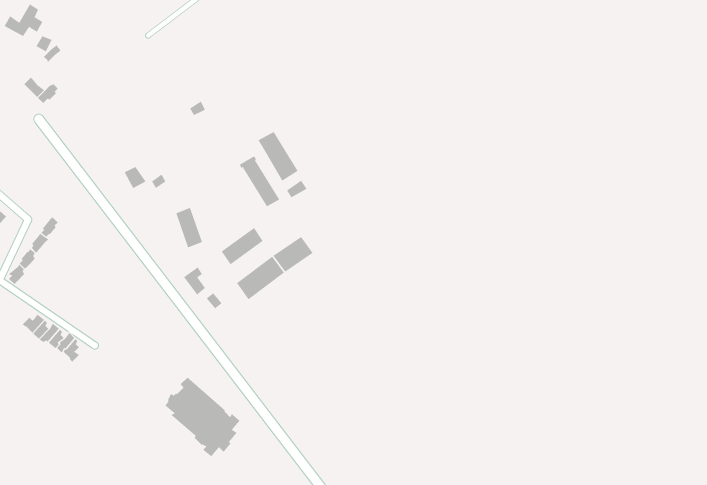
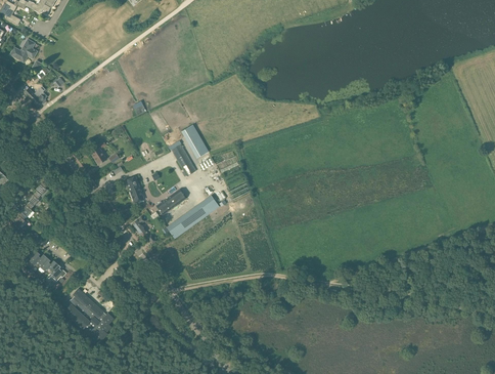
building: [165,377,241,457] -> [62,288,114,342]

